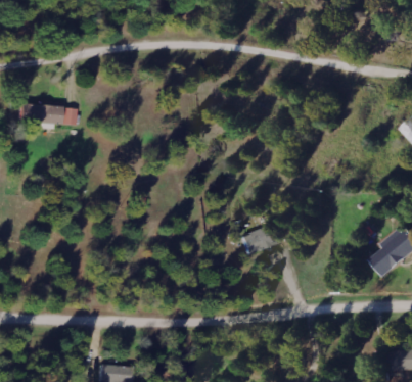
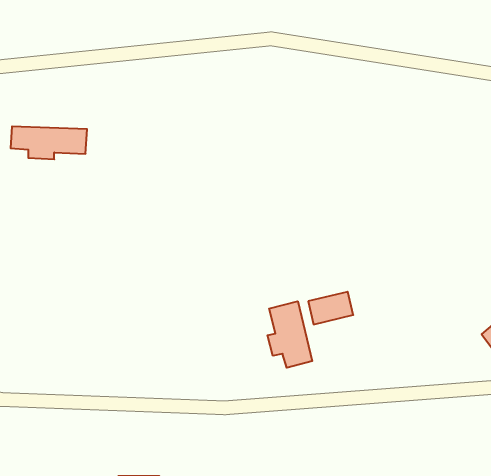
building: none -> [267,301,312,368]

